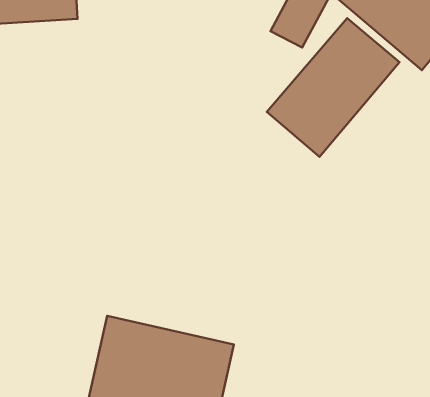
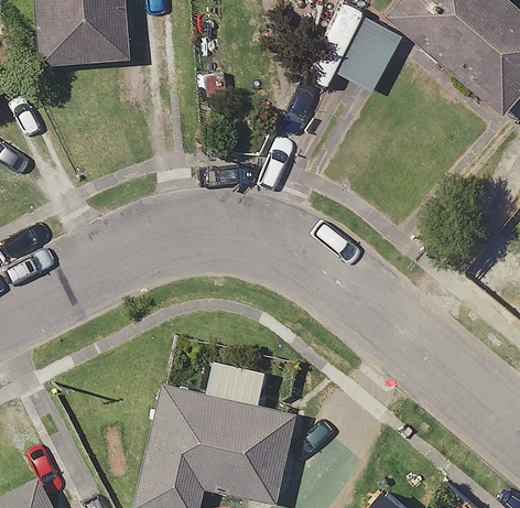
building: [267,18,399,157] -> none

